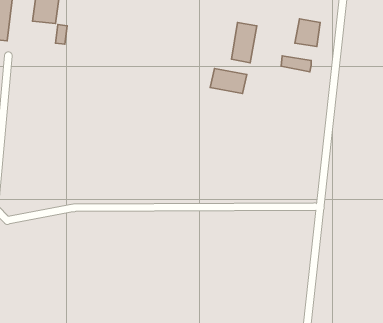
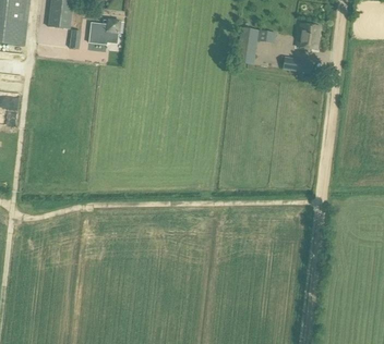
building: none -> [89,19,124,40]
building: [210,68,247,94] -> none

